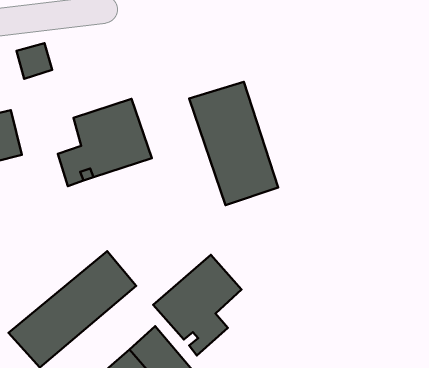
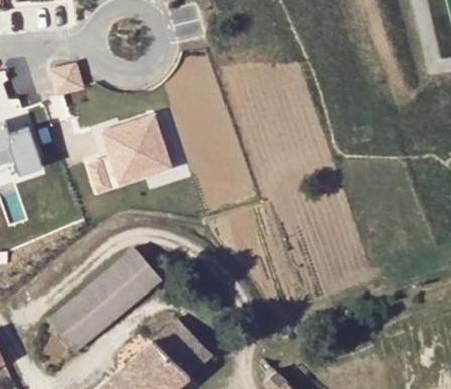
building: [189,82,278,205] -> none
building: [153,255,242,355] -> none

